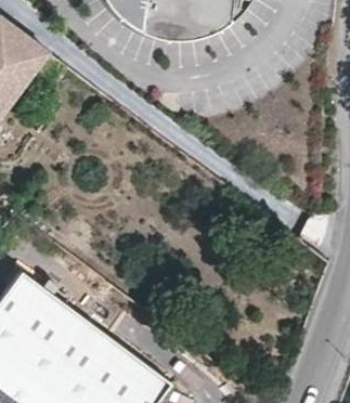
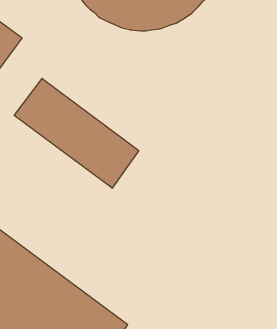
building: none -> [14,78,139,188]

